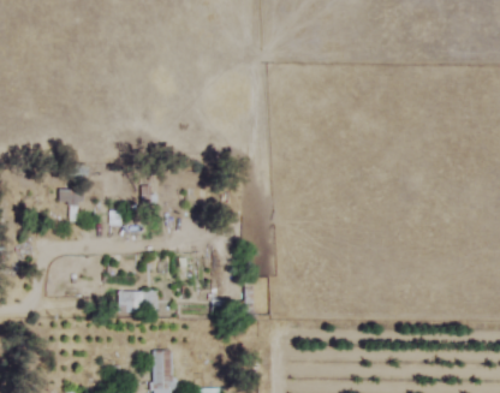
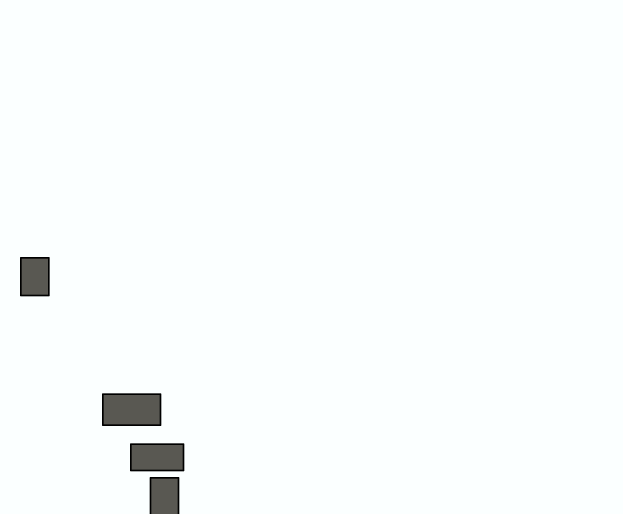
building: none -> [131,444,184,470]

